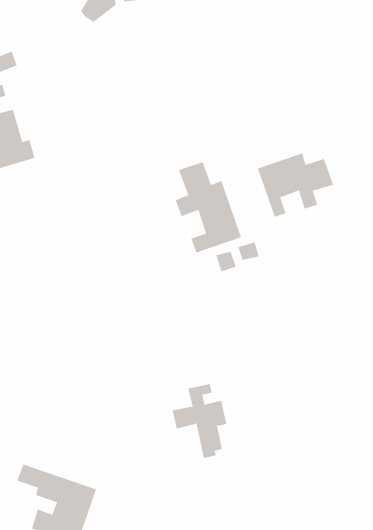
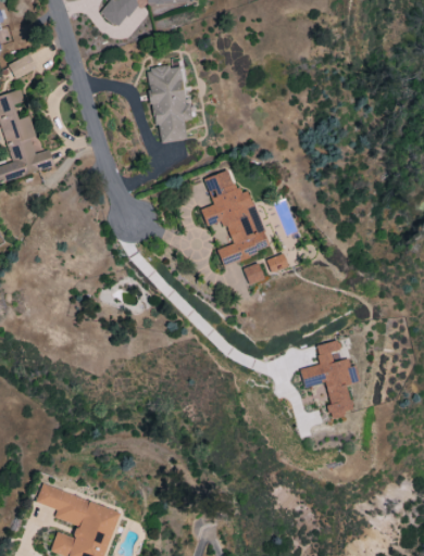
building: none -> [149,65,194,142]
building: [257,152,334,218] -> none
building: [172,383,227,458] -> [300,340,358,418]

